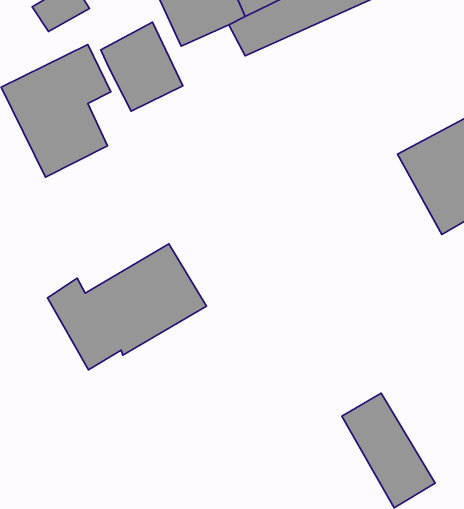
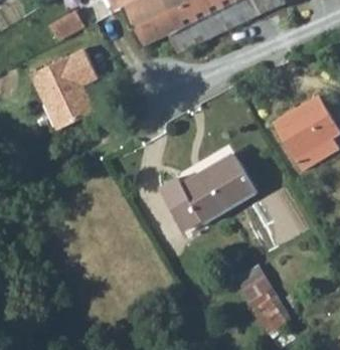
building: [101,22,183,111] -> none
building: [48,244,206,370] -> [155,145,252,222]

